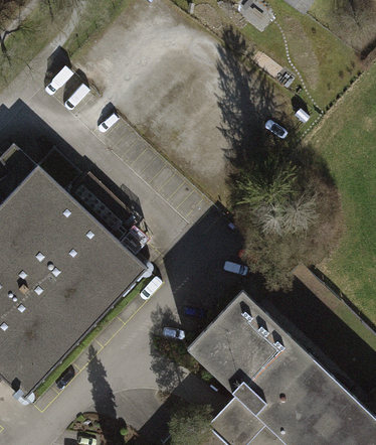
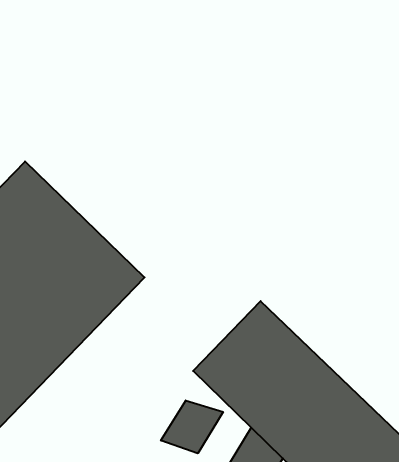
building: none -> [161,400,223,453]

